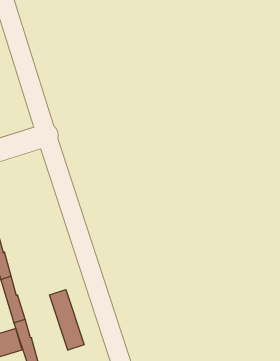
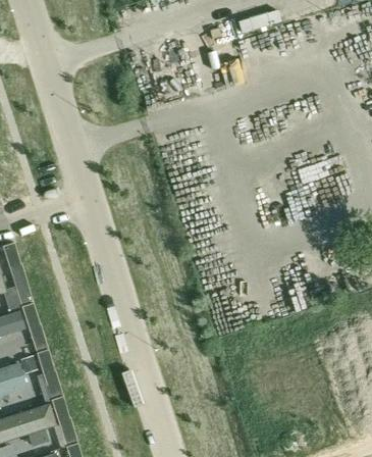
building: [49,290,84,350] -> none

